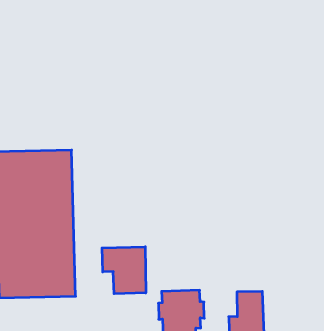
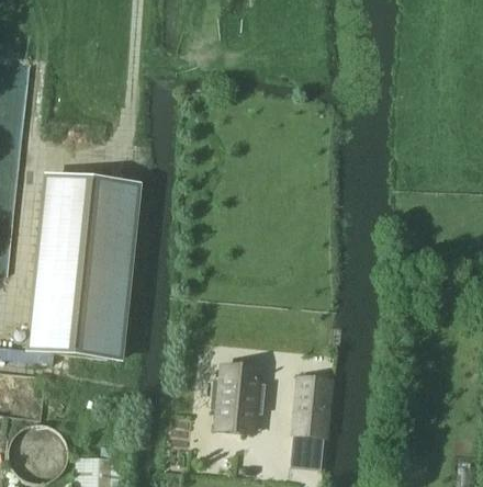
building: [102,247,146,294] -> none

